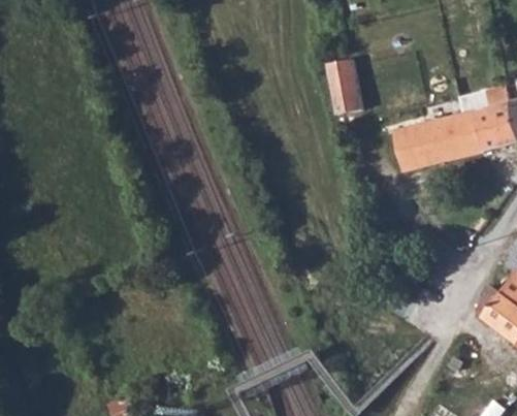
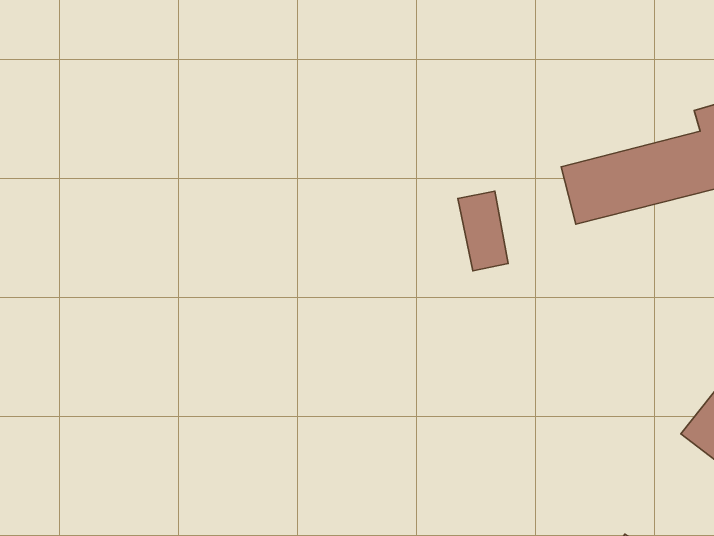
building: [333,58,368,114] -> [458,191,508,271]

